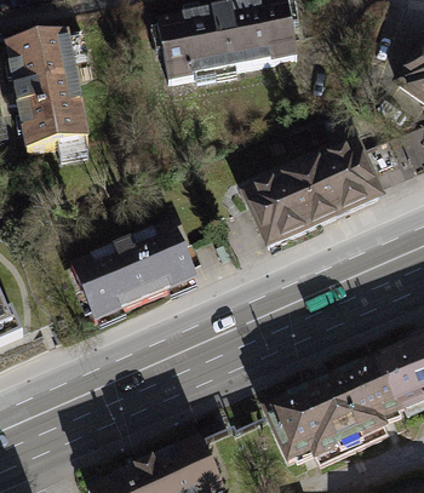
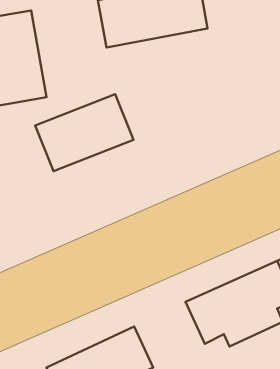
building: [241,141,376,242] -> none
building: [74,227,199,325] -> [35,94,133,171]

